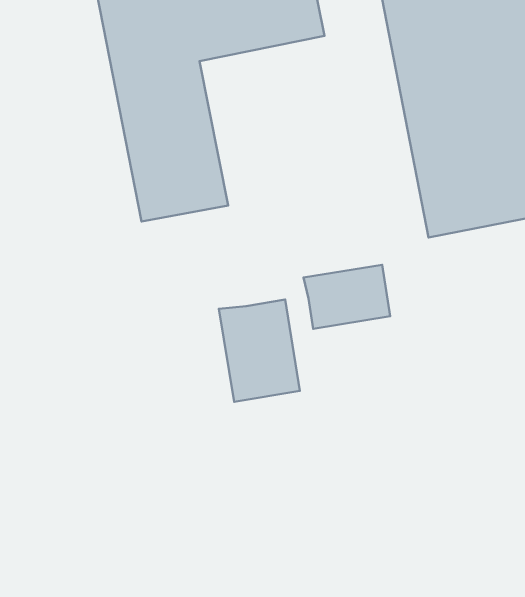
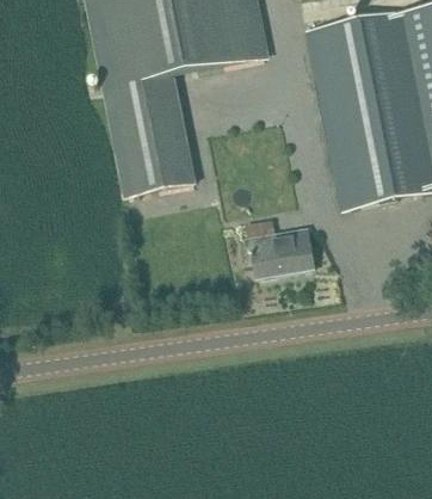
building: [219,300,300,402] -> none

